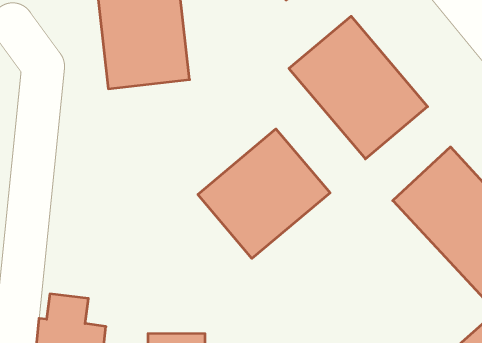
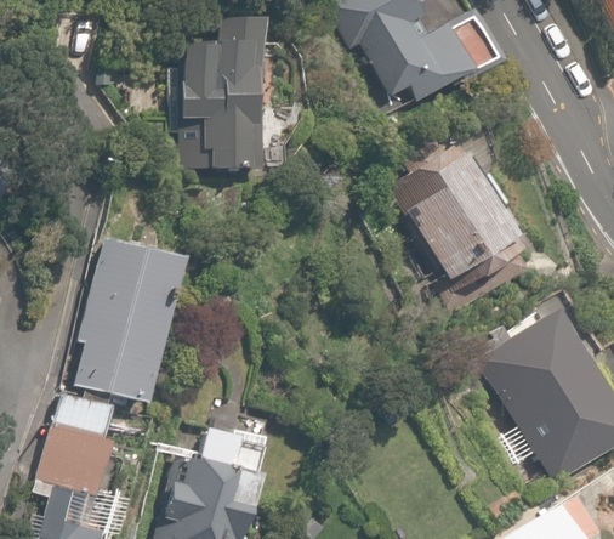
building: [198,129,330,258] -> none
building: none -> [68,238,188,403]

